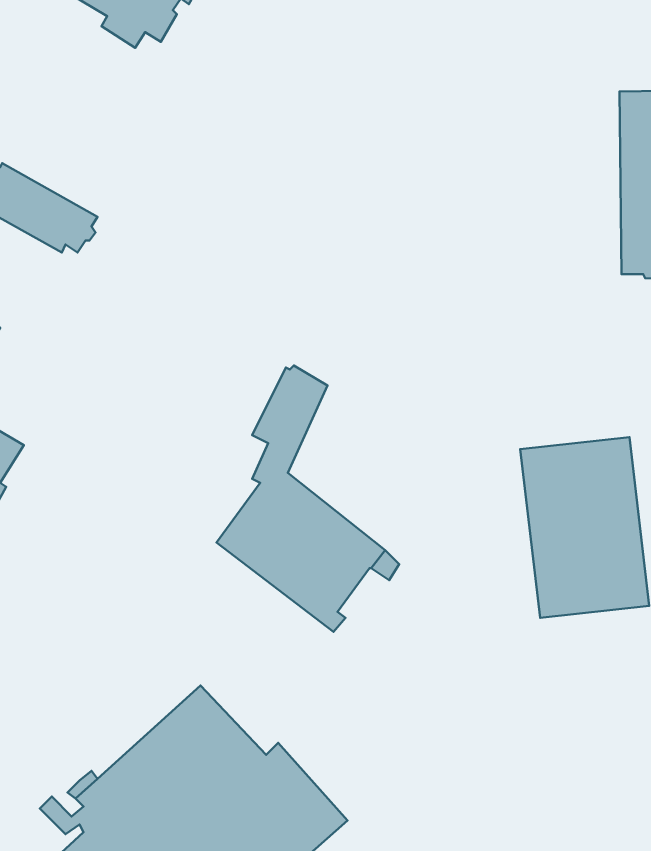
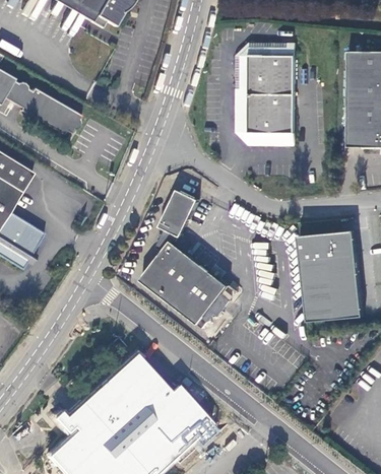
building: none -> [237,43,295,145]

